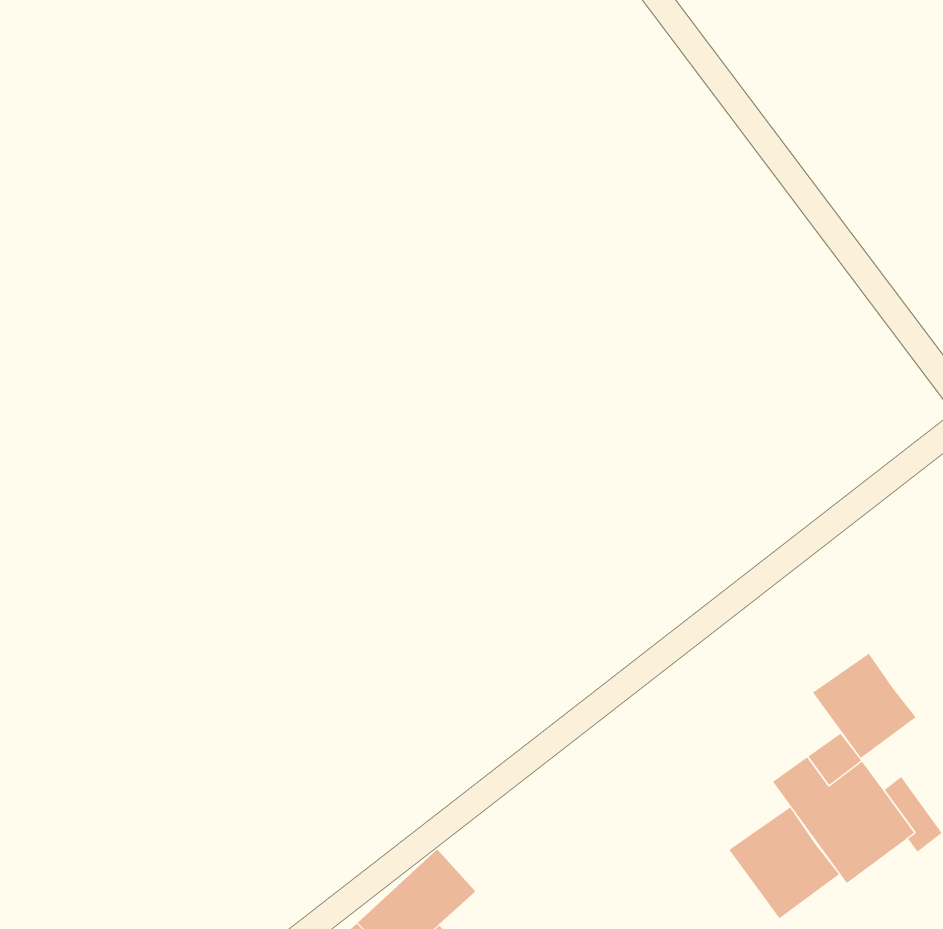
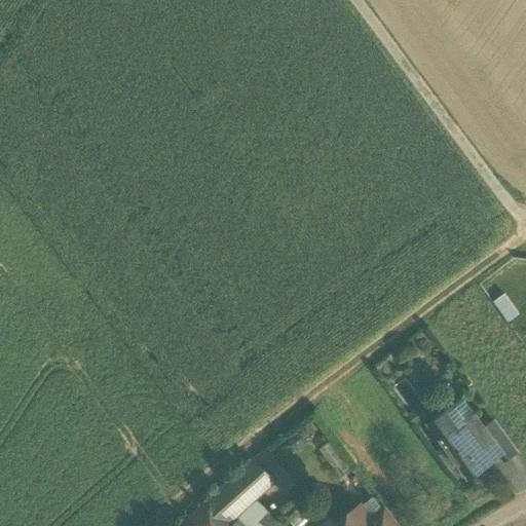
building: [812,653,916,759] -> none
building: [728,807,840,919] -> none

